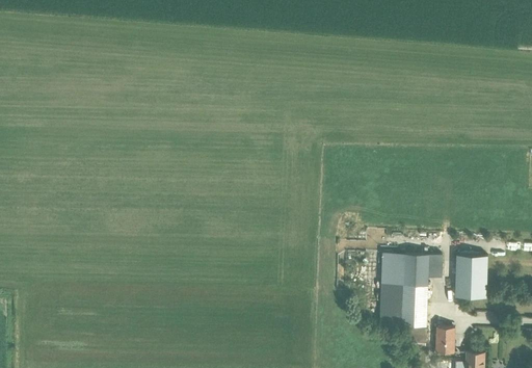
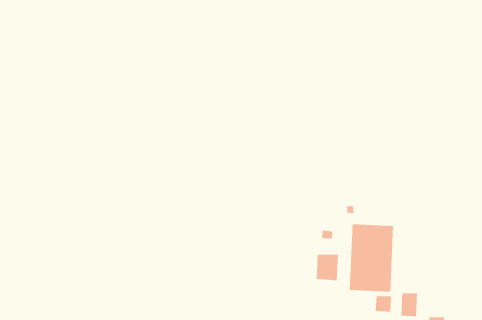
building: [455,256,487,298] -> none
building: none -> [316,254,338,281]

